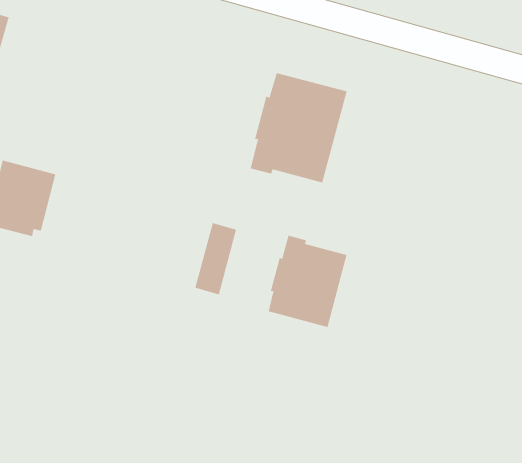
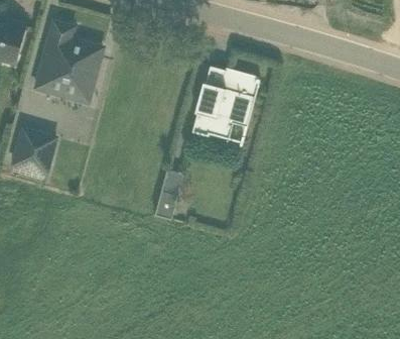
building: none -> [34,22,102,104]
building: [268,235,347,328] -> none

